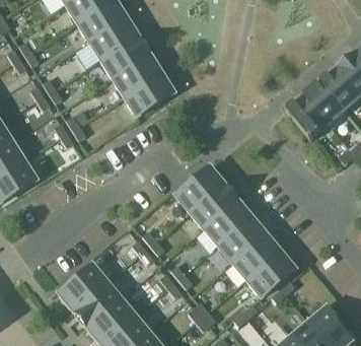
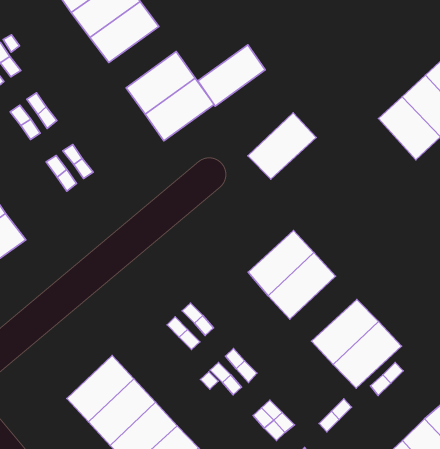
building: [101,34,149,76] -> [198,45,265,106]
building: [175,164,224,210] -> [248,113,316,179]
building: [218,216,266,261] -> none

